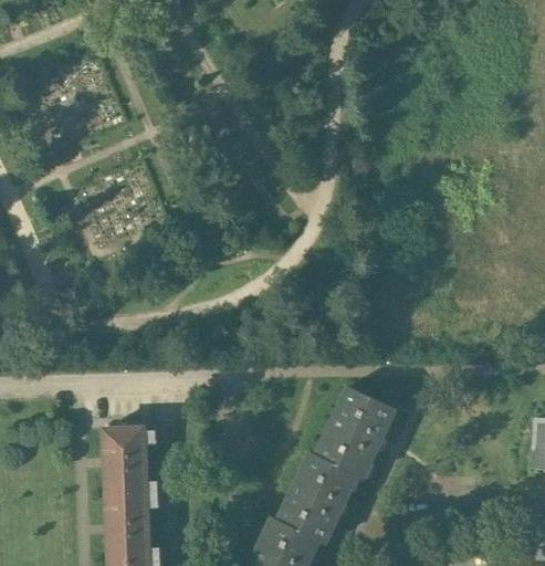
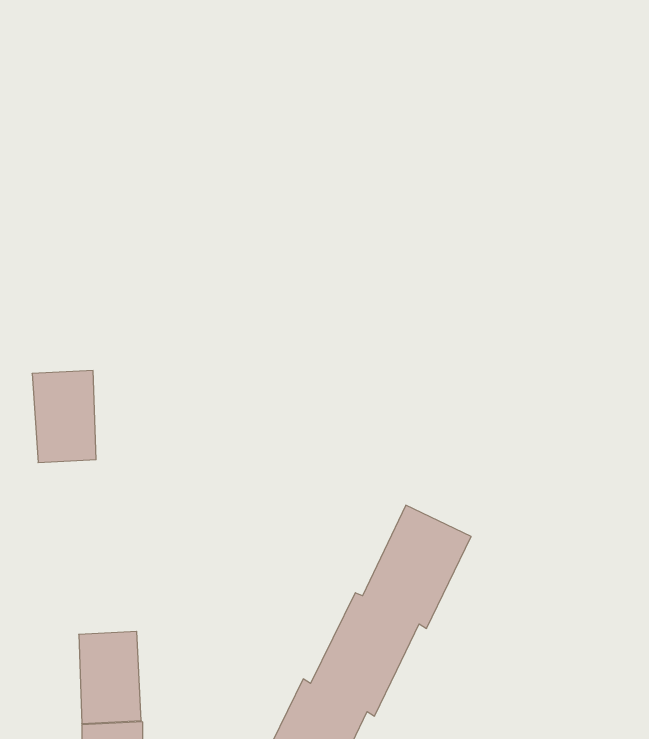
building: [99,416,147,484] -> [32,371,96,463]

